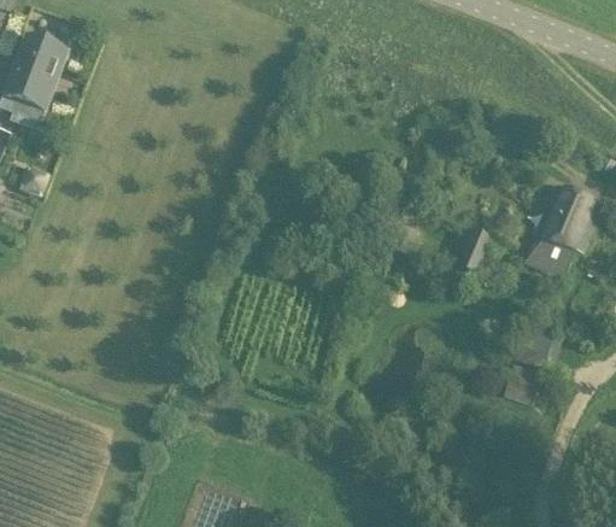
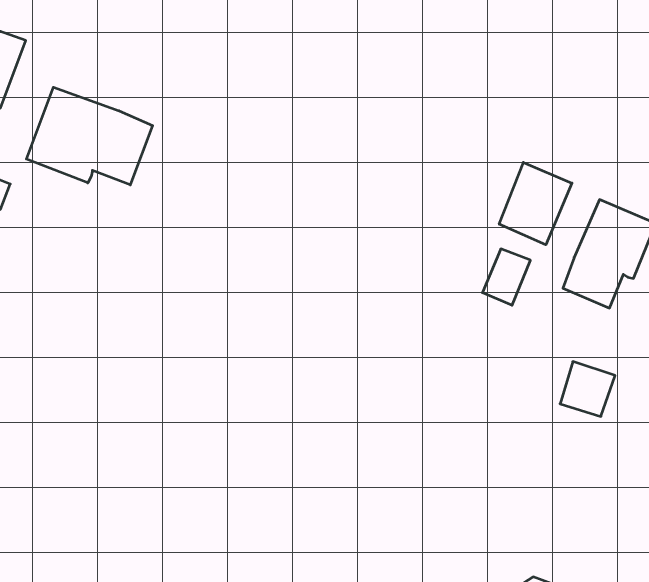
building: none -> [26,87,153,185]
building: none -> [499,162,572,245]

